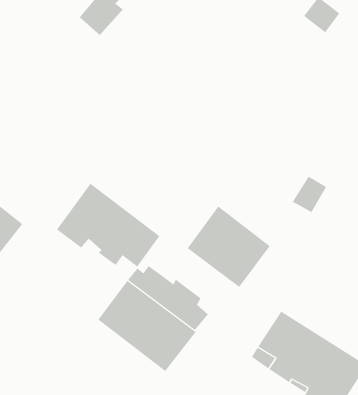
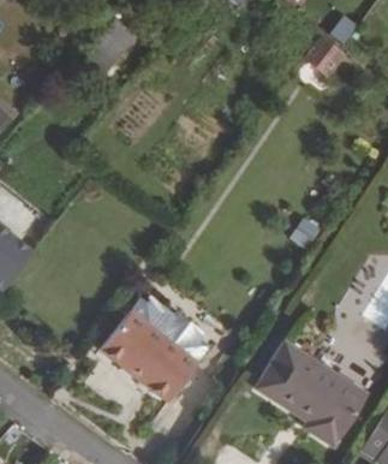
building: [56,183,160,268] -> none
building: [187,206,271,288] -> none

